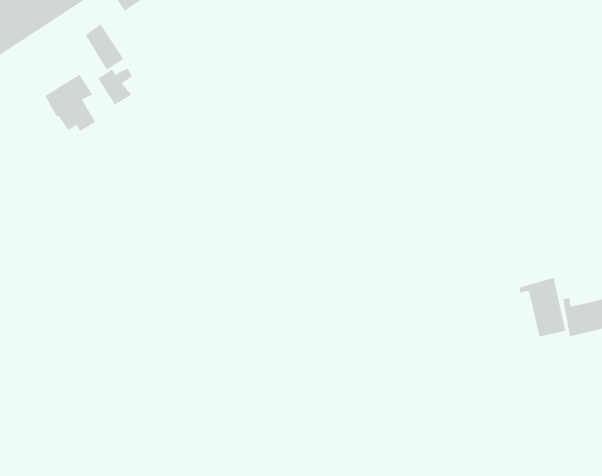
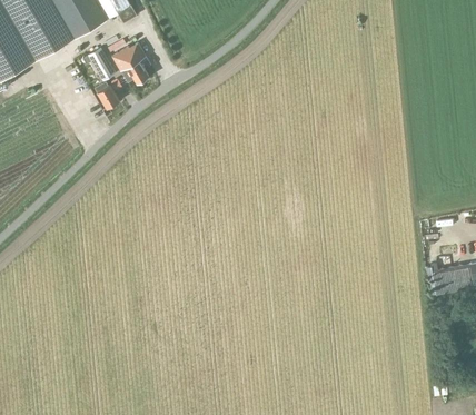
building: [44,74,96,132] -> [112,41,149,83]
building: [519,277,566,337] -> none

